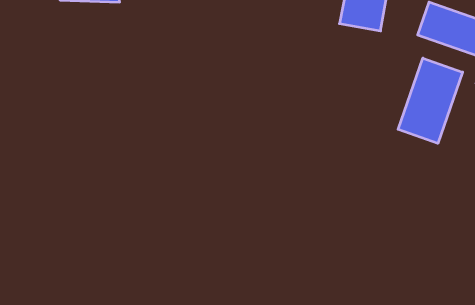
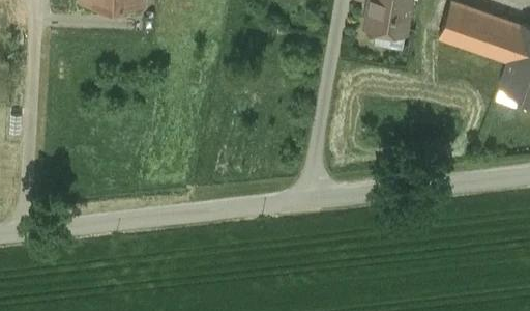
building: [398,58,463,143] -> none

